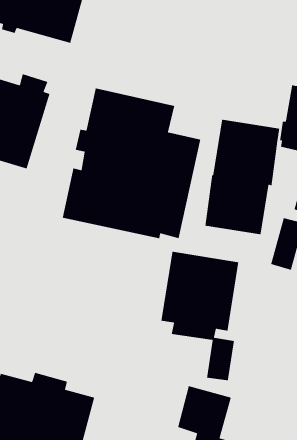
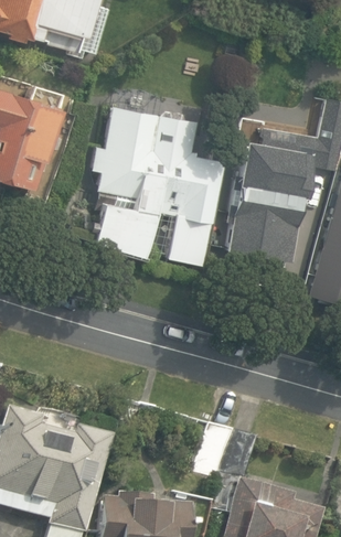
building: [160,251,239,381] -> none

